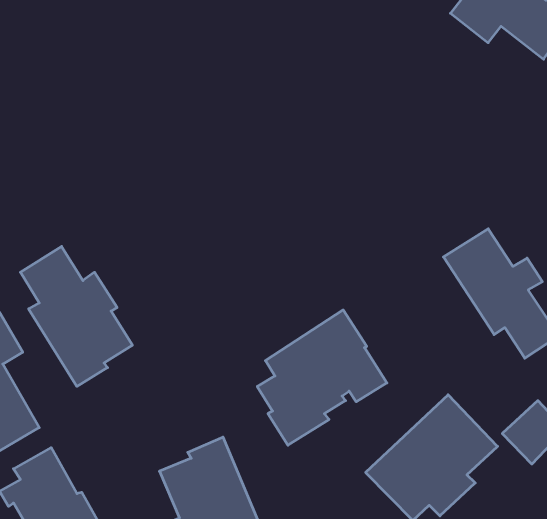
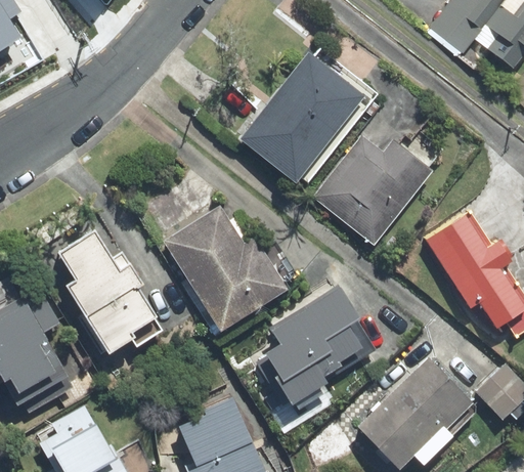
building: none -> [238,52,363,182]
building: none -> [314,136,432,245]
building: none -> [163,206,287,331]

